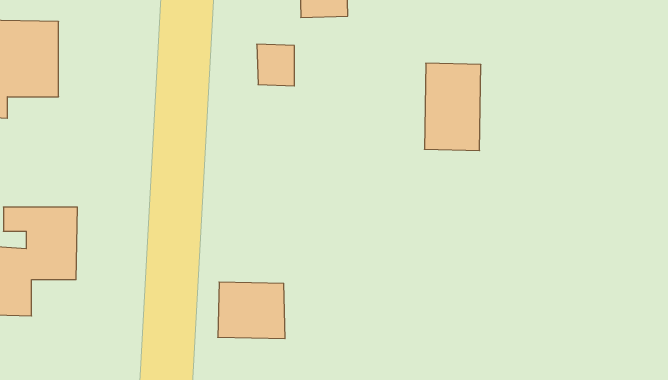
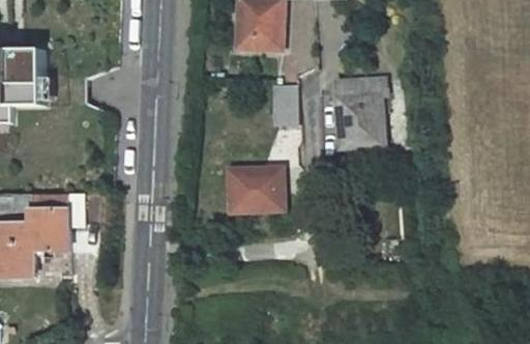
building: [257,44,294,86] -> [269,86,298,118]
building: [218,282,285,339] -> [231,166,283,209]

